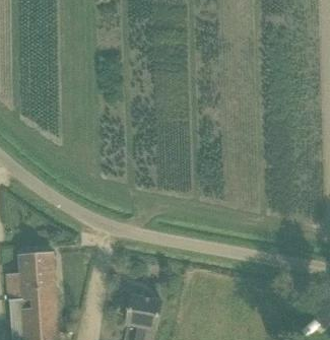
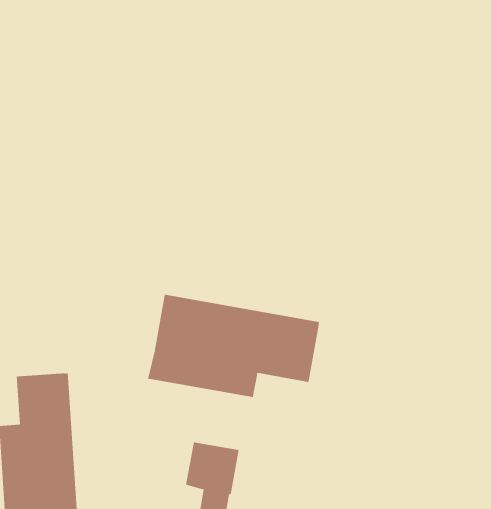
building: none -> [148,294,319,398]

